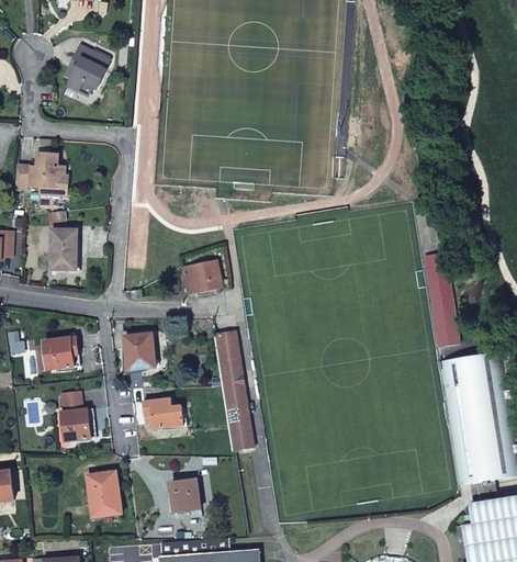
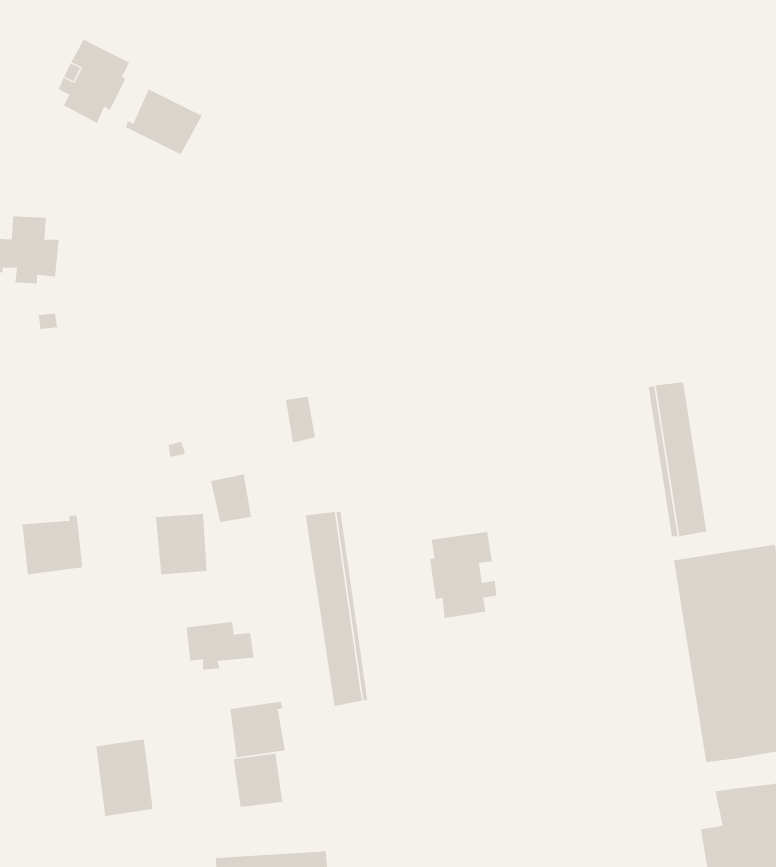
building: none -> [125,88,202,155]
building: [49,228,76,270] -> none
building: [181,263,206,293] -> [210,474,252,522]
building: none -> [429,531,497,619]
building: [60,390,97,441] -> none
building: none -> [230,701,286,758]

